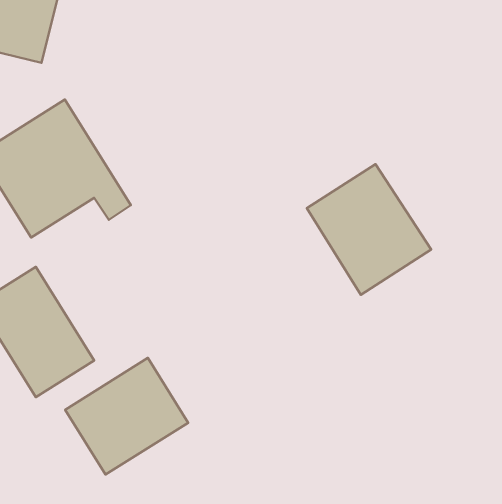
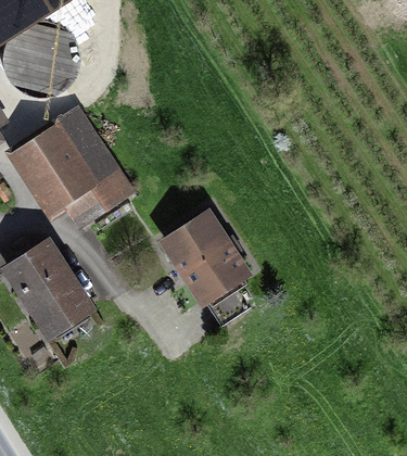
building: [307,164,431,295] -> [162,208,254,305]
building: [65,358,188,474] -> none

